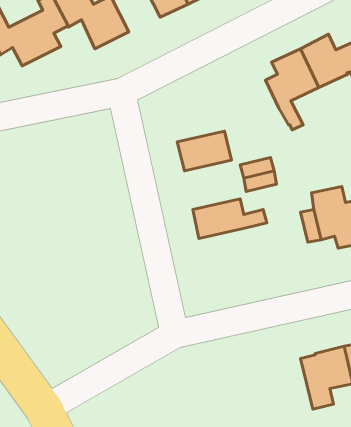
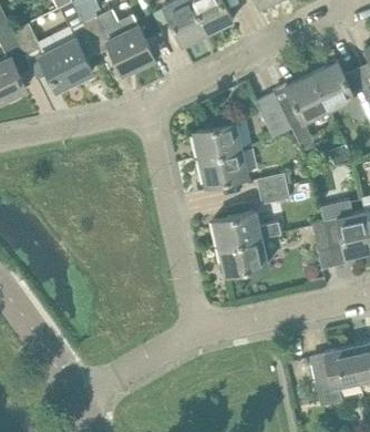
building: none -> [256,92,292,137]
building: none -> [194,123,243,160]
building: none -> [219,238,269,275]

